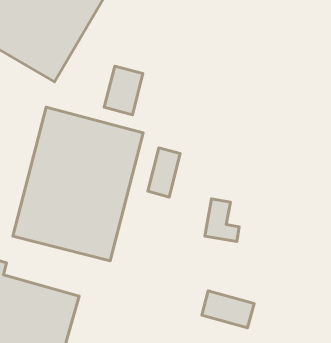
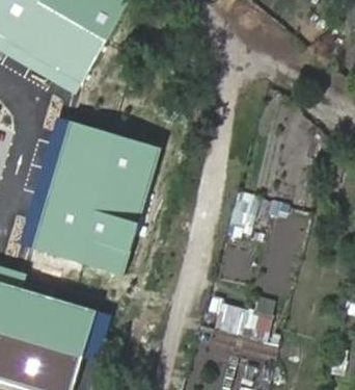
building: [104,66,143,115] -> none
building: [148,148,180,197] -> none

